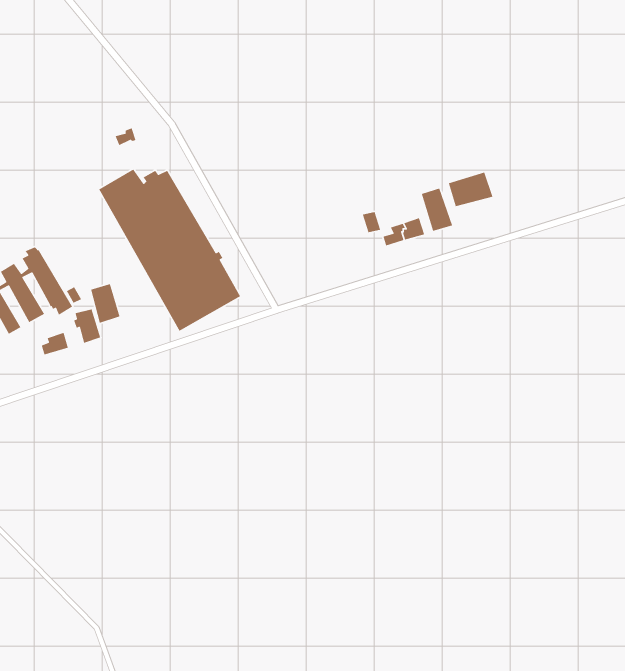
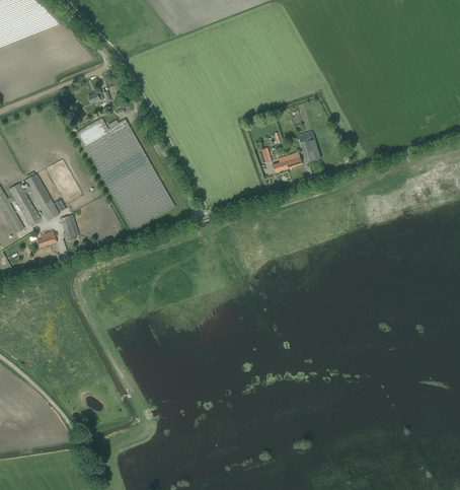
building: [448,171,493,207] -> none
building: [90,283,120,324] -> none

